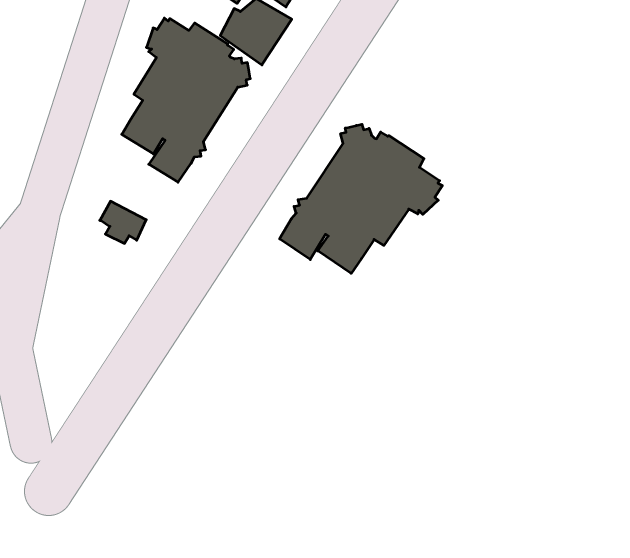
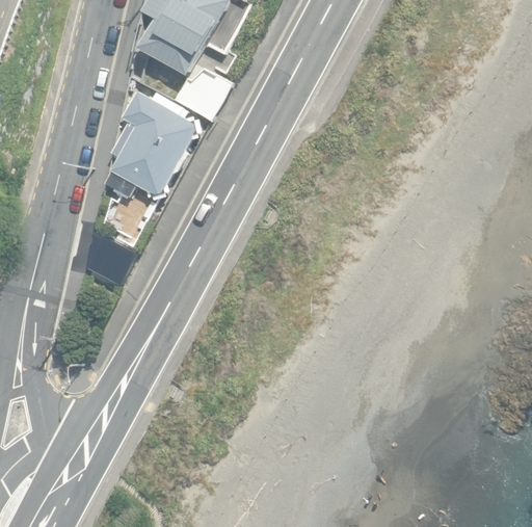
building: [280,124,442,273] -> none

